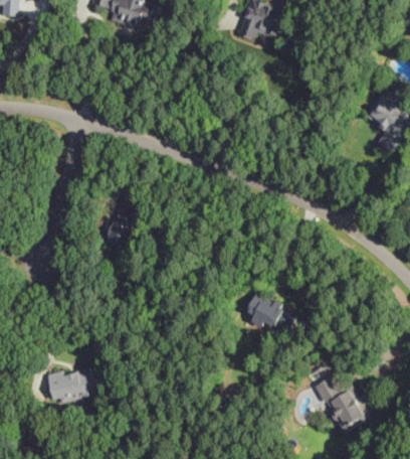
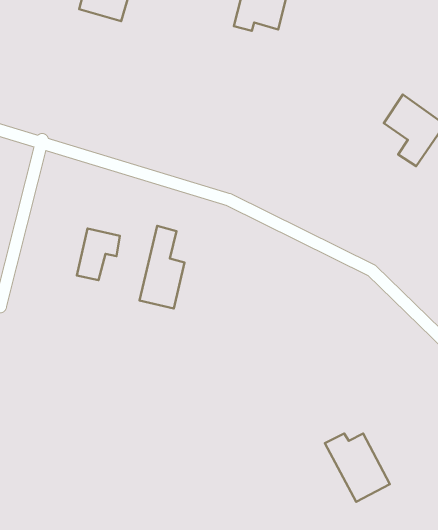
building: none -> [140,226,184,309]
building: [245,293,295,332] -> none
building: [46,368,92,404] -> none

